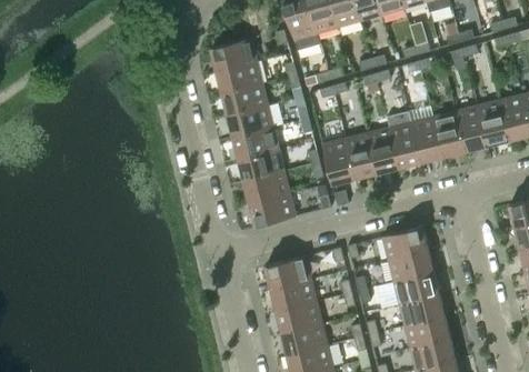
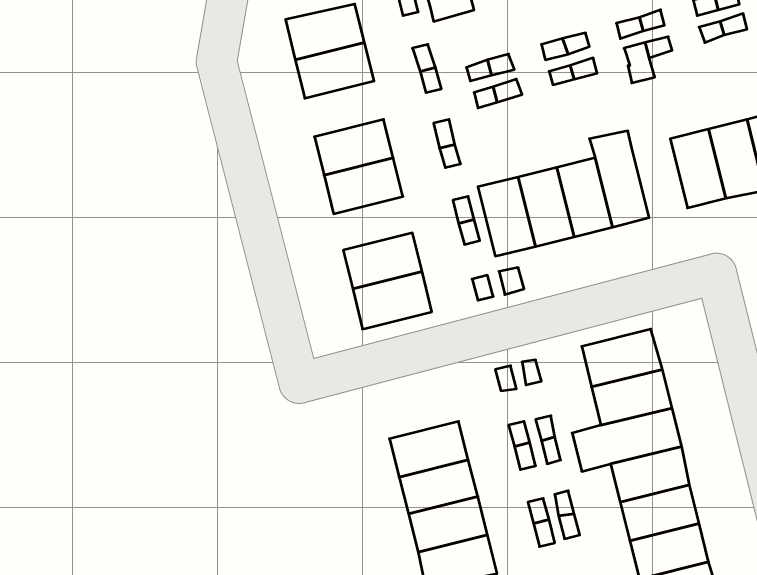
building: [222,83,268,115] -> none
building: [409,107,443,162] -> none
building: [239,150,285,181] -> none
building: [266,257,311,290] -> none

